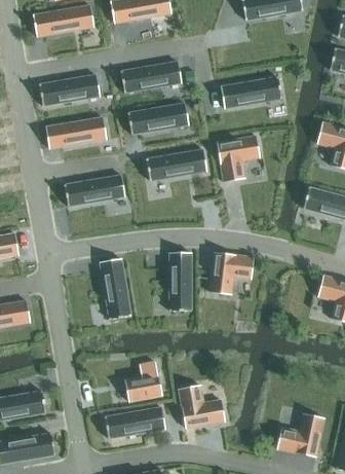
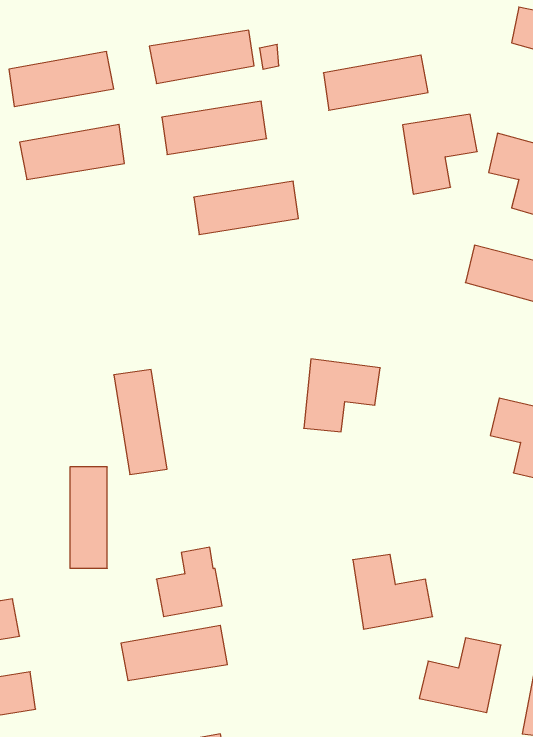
building: [217,136,260,182] -> [403,114,477,194]
building: [65,175,125,206] -> none
building: [169,252,191,311] -> [70,467,107,568]
building: [179,385,225,428] -> [353,554,433,629]

